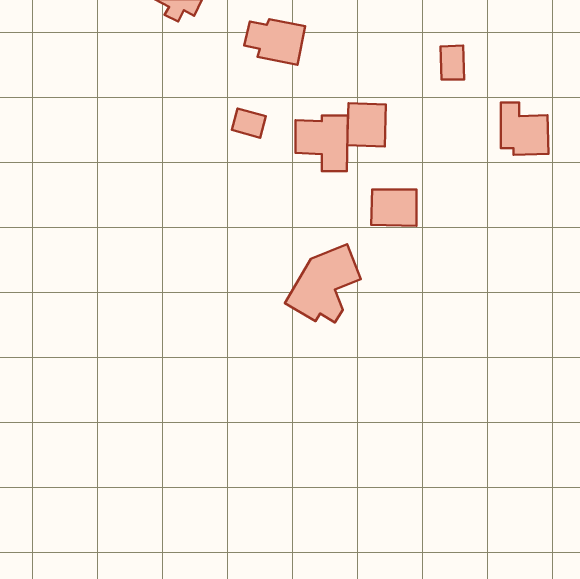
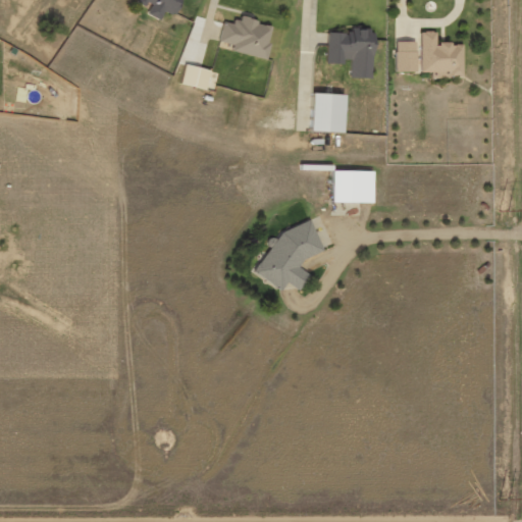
building: [501,103,549,155] -> [421,31,464,77]
building: [232,108,266,138] -> [180,63,211,90]
building: [296,116,348,171] -> [327,28,374,77]

